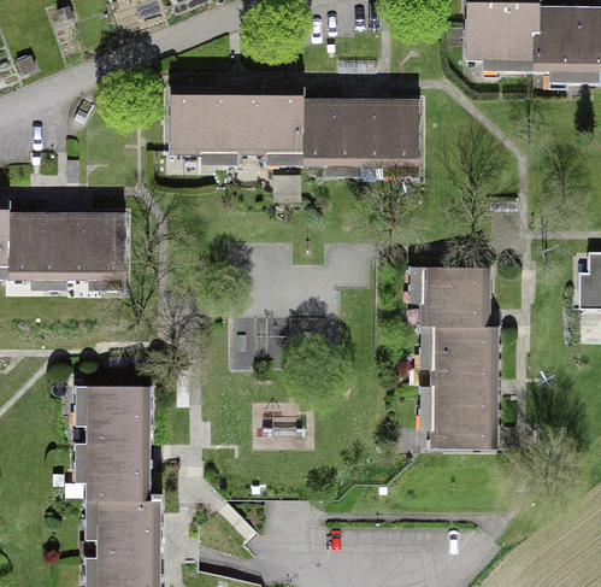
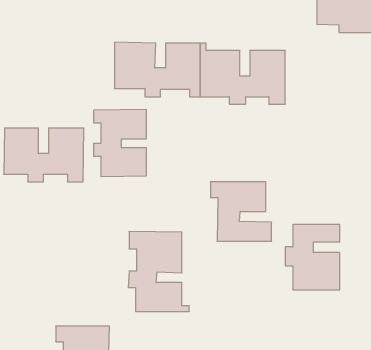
building: none -> [94,109,146,177]
building: [409,266,499,353] -> [210,182,272,241]
building: [73,385,163,501] -> [128,231,189,311]

